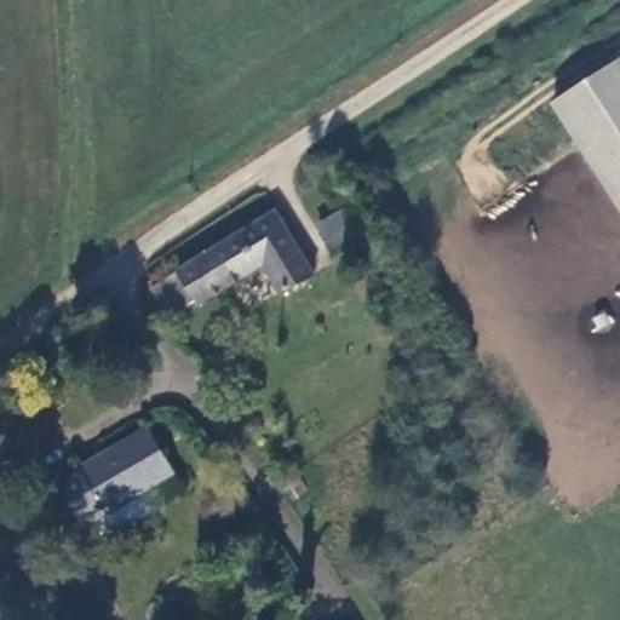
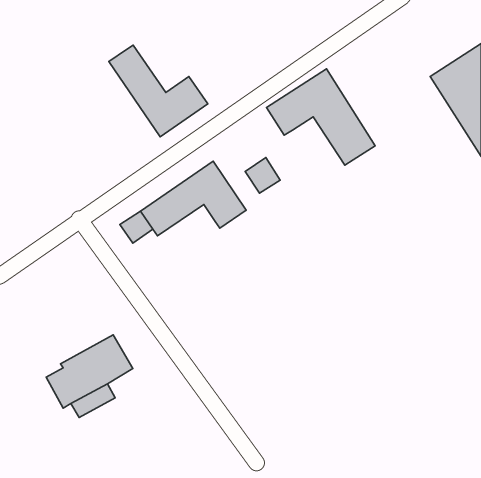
building: none -> [109,45,208,137]
building: none -> [266,69,375,165]

